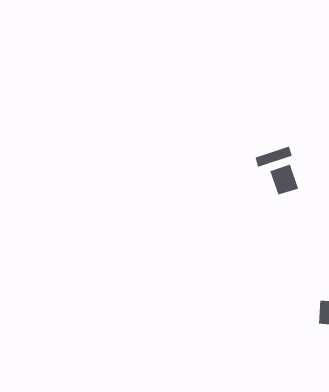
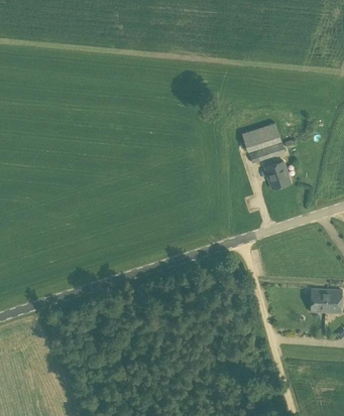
building: none -> [254,122,280,147]

